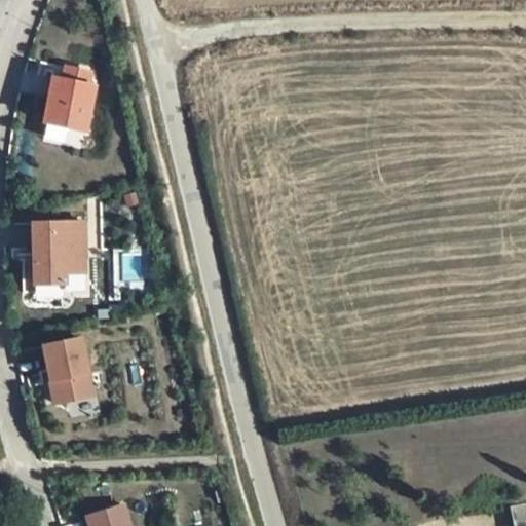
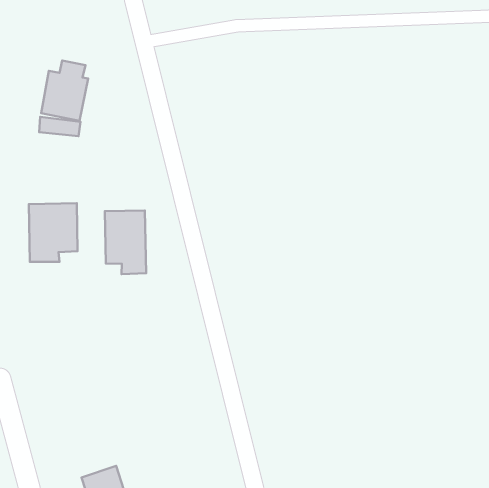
building: none -> [105,210,146,274]
building: [42,336,92,401] -> none

